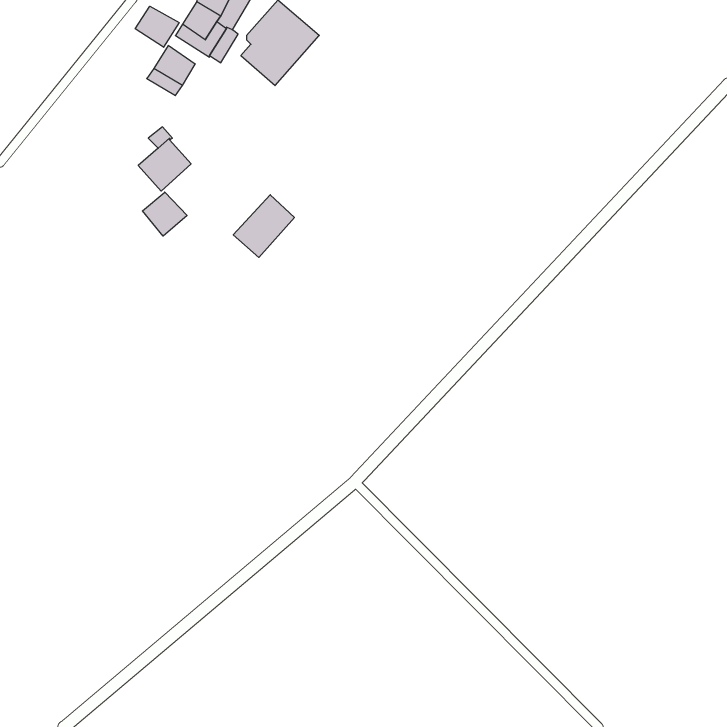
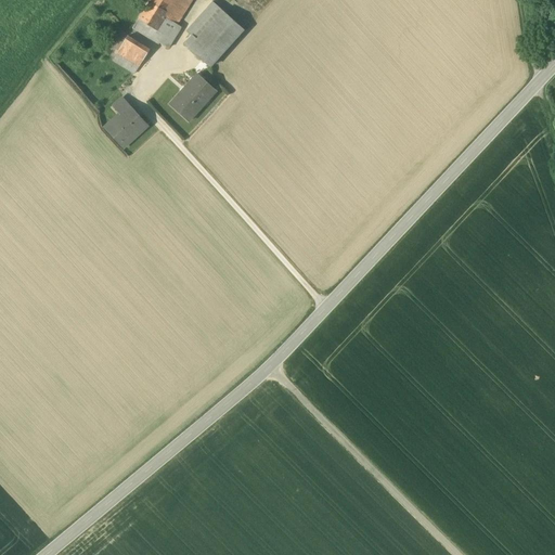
building: [135,6,179,47] -> none
building: [142,192,187,236] -> none
building: [233,195,294,257] -> [170,73,217,120]

